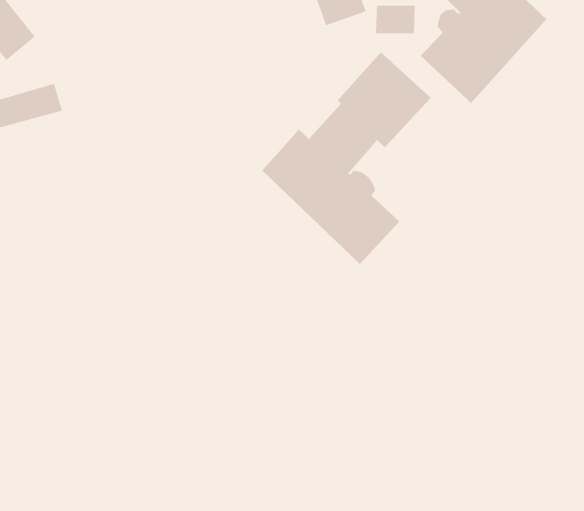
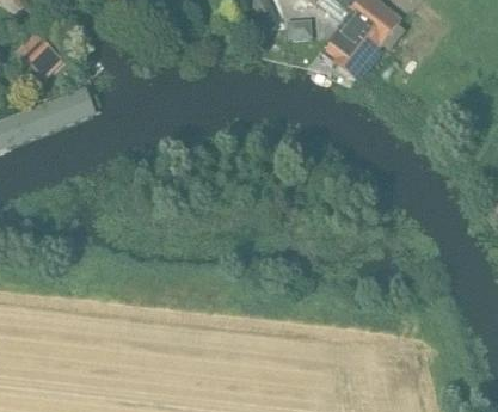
building: [261,51,432,265] -> none

